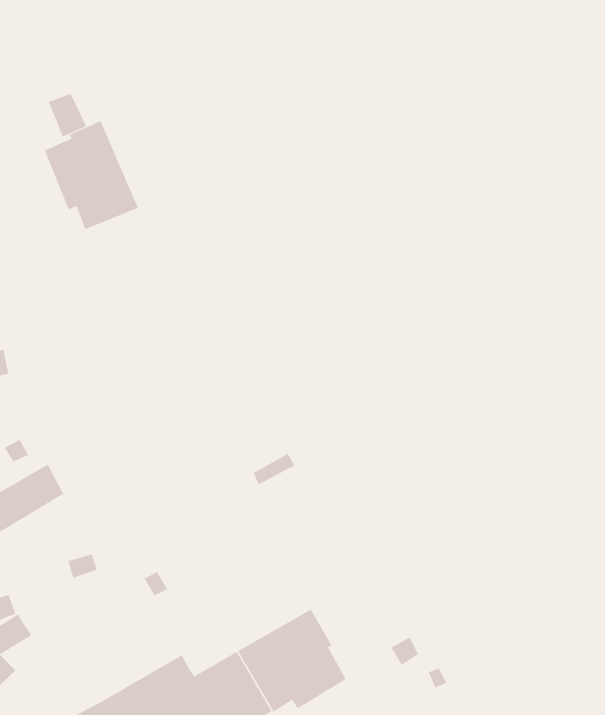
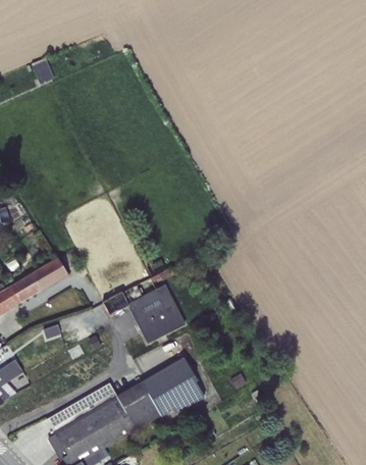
building: [44,121,138,231] -> none
building: none -> [32,258,67,291]
building: none -> [102,285,185,344]

